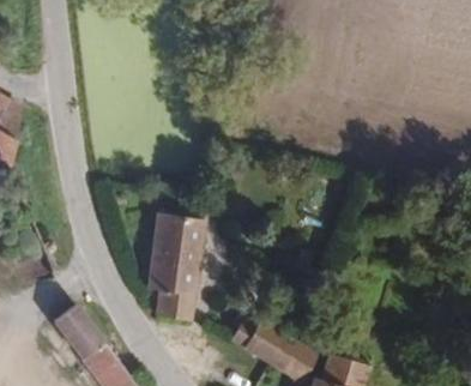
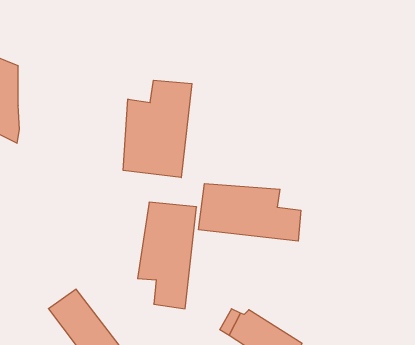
building: none -> [123,80,192,178]
building: none -> [199,184,301,241]

